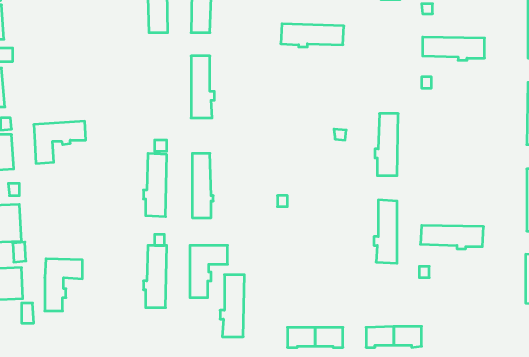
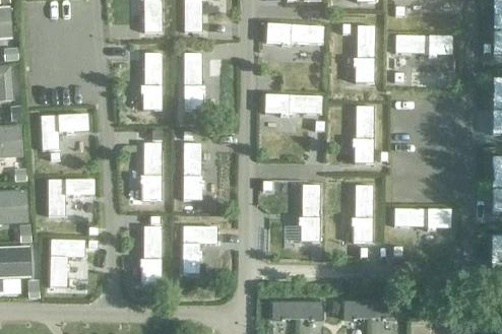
building: none -> [353,26,374,83]
building: none -> [140,54,162,111]
building: none -> [263,94,322,115]
building: none -> [46,180,92,216]
building: [220,275,244,337] -> [298,186,320,243]

